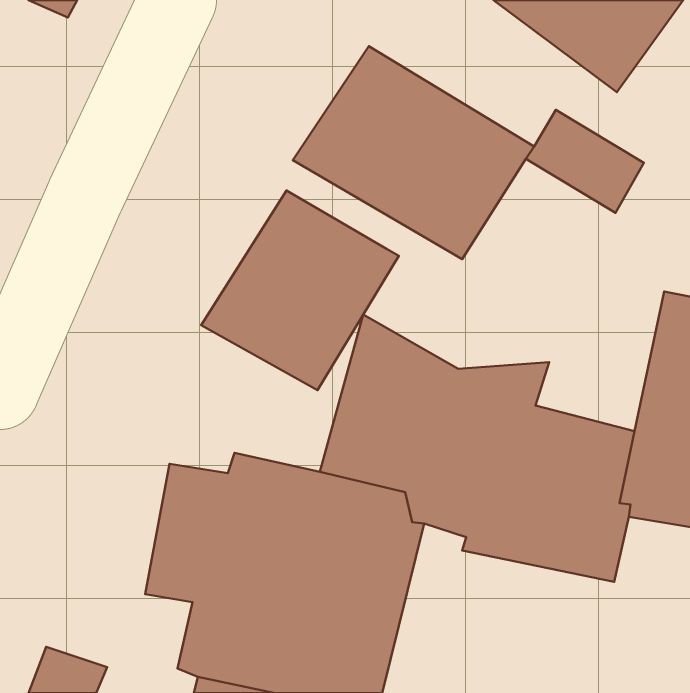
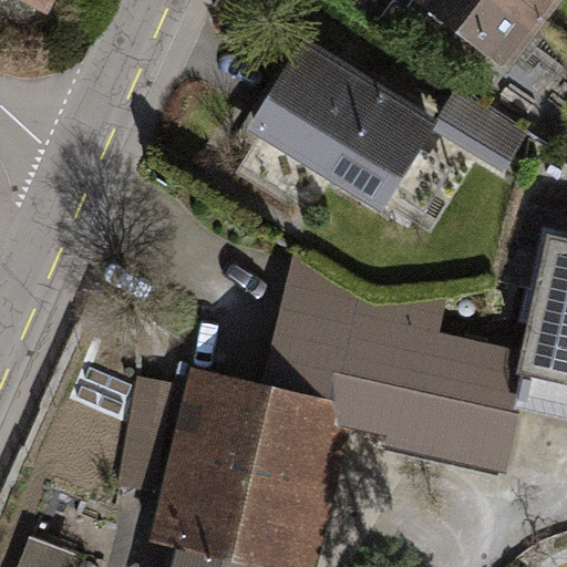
building: [201,190,399,390] -> none

